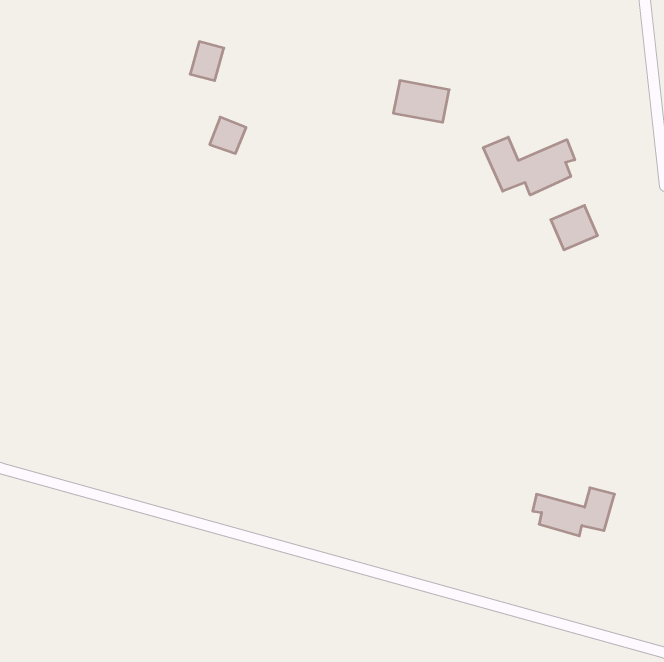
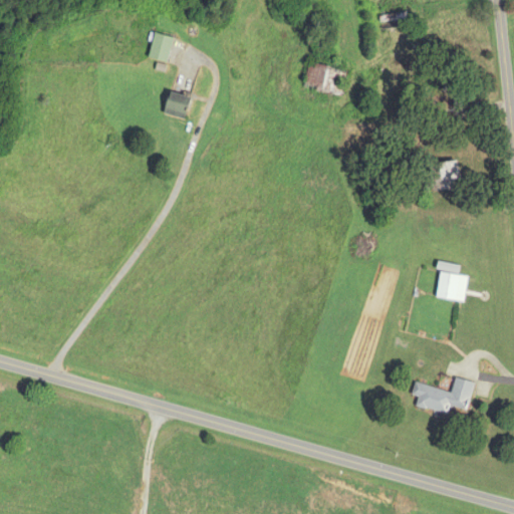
building: [483,137,575,195] -> none
building: none -> [436,271,461,300]

